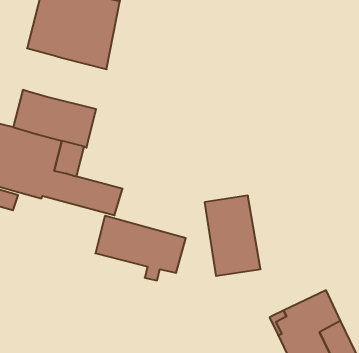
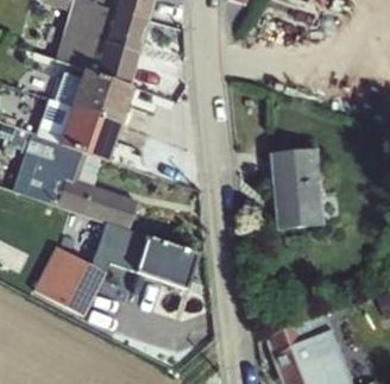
building: none -> [52,67,130,121]
building: [205,196,261,276] -> [275,151,325,227]
building: none -> [44,250,107,316]

